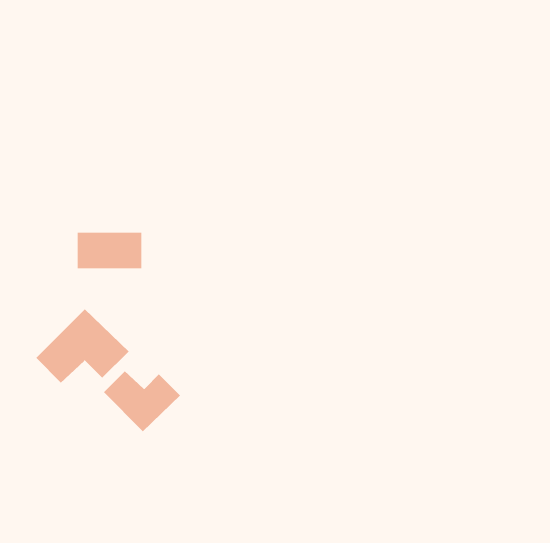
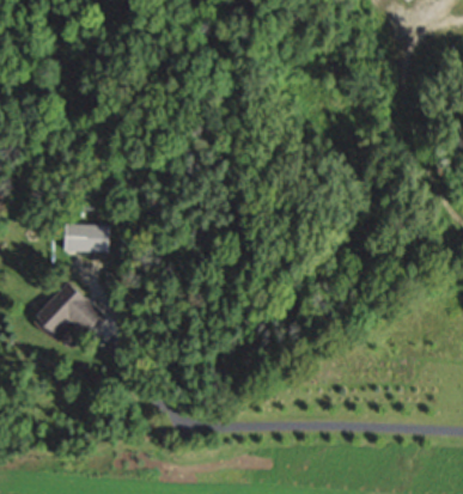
building: [103,371,181,432] -> none

